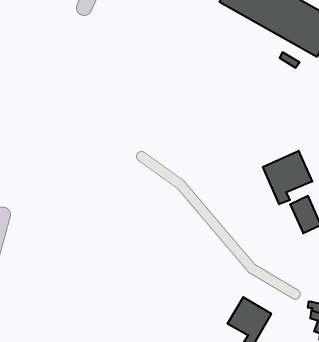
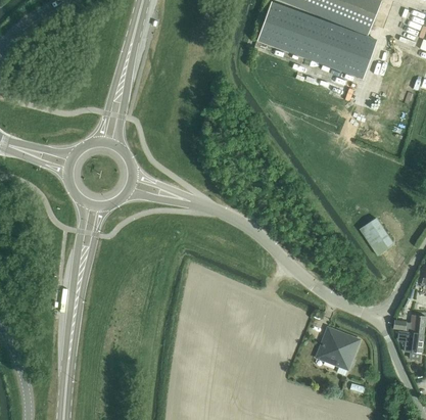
building: [263,151,312,204] -> none

